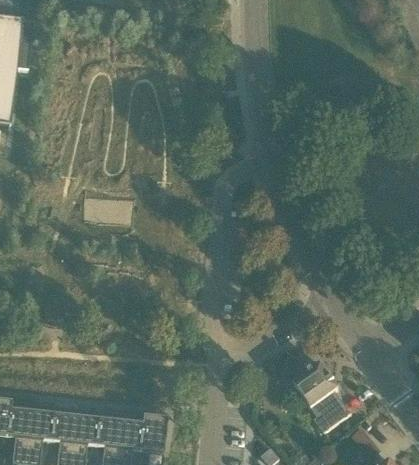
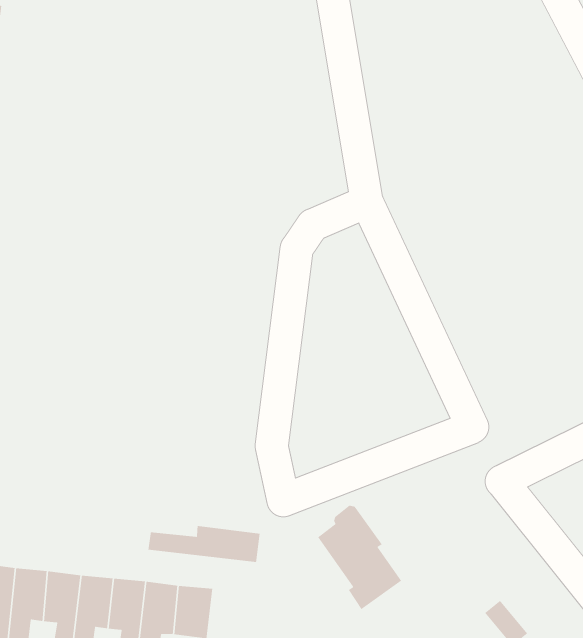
building: [293,361,351,433] -> [317,505,402,610]
building: none -> [147,525,261,563]

